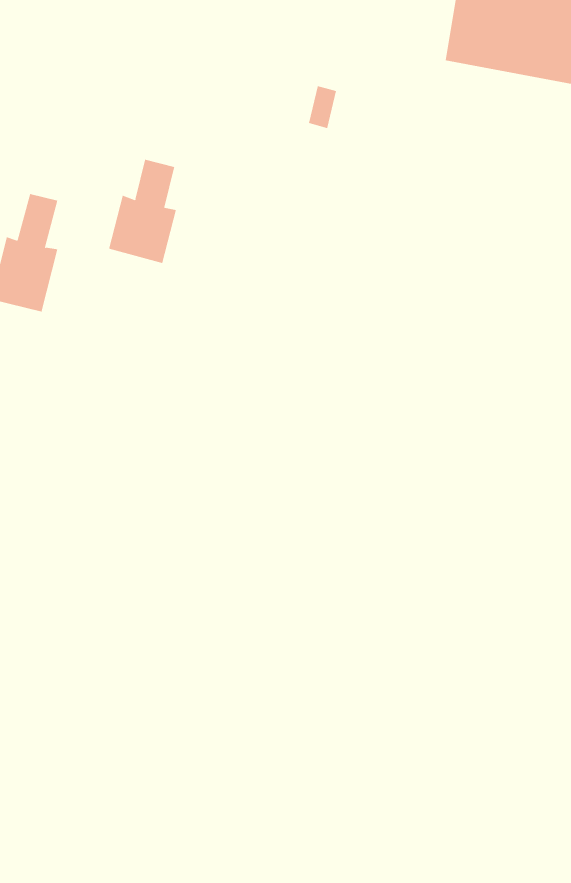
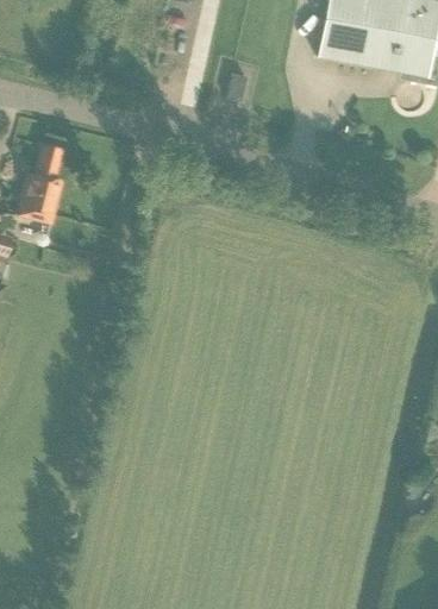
building: [108,159,177,264] -> none

